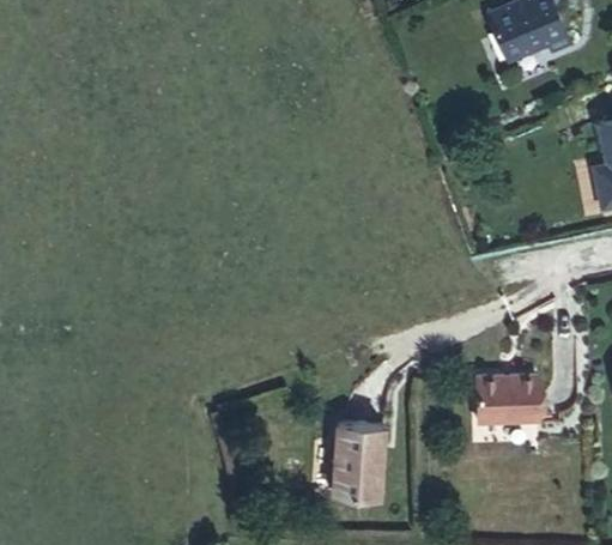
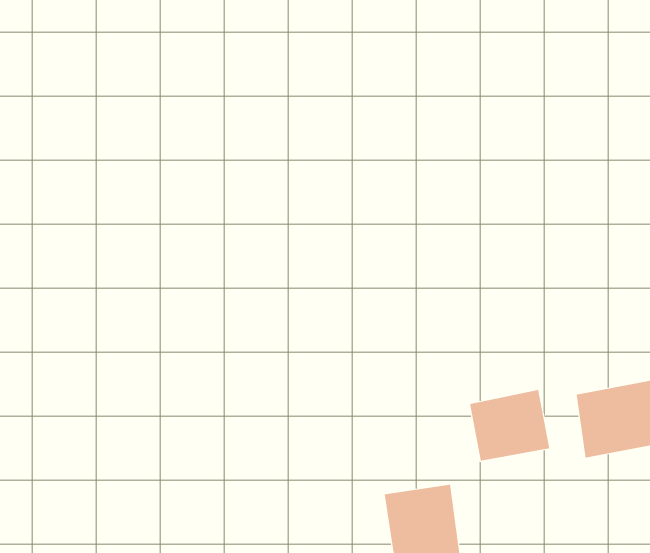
building: none -> [469,389,550,462]

